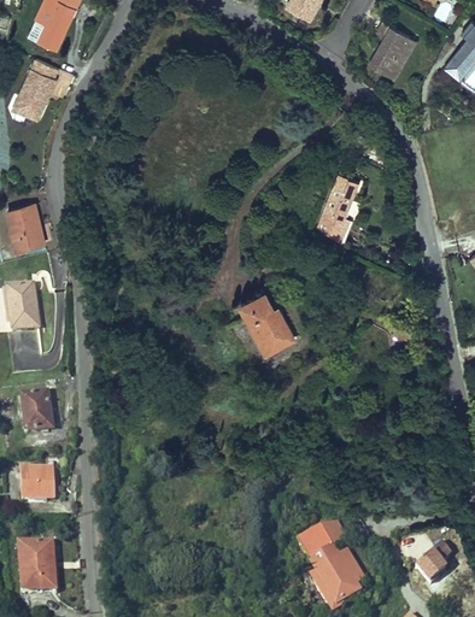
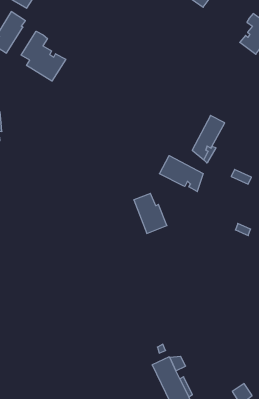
building: none -> [21,31,66,81]
building: none -> [159,156,203,192]

